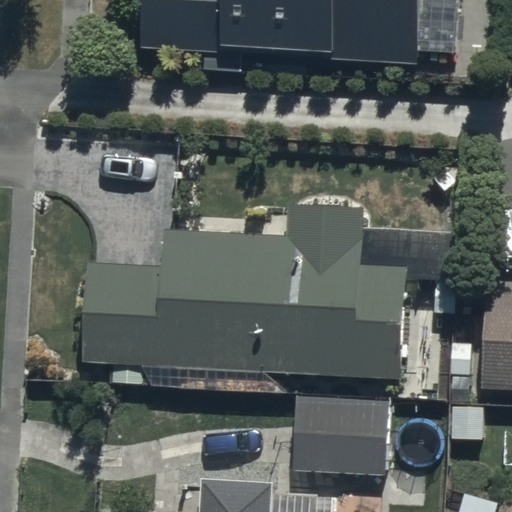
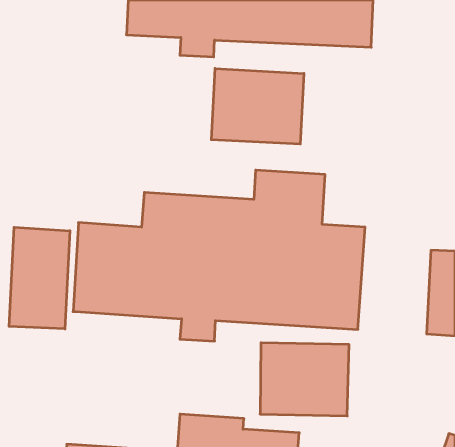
building: none -> [211,68,304,144]
building: none -> [9,227,70,329]

